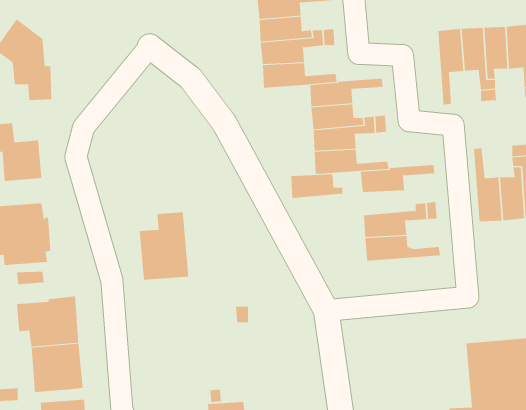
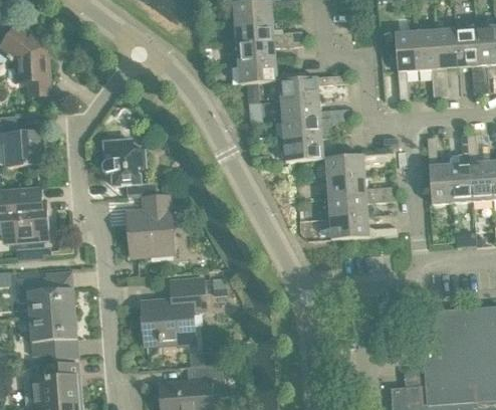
building: none -> [101,141,157,197]
building: [290,174,343,198] -> [326,176,374,198]
building: none -> [142,278,204,345]

